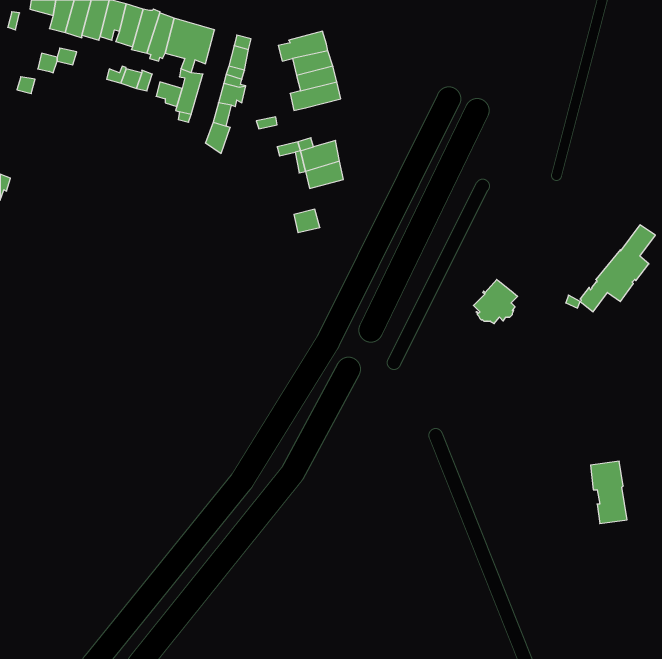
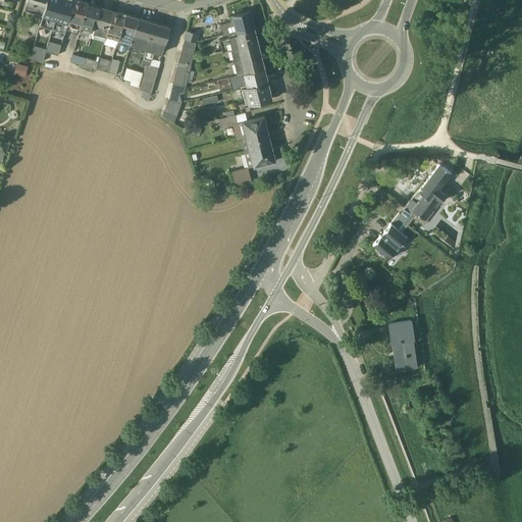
building: none -> [221,11,255,37]
building: none -> [242,82,274,106]
building: none -> [245,145,275,168]
building: [580,225,655,312] -> [393,164,452,232]
building: [591,461,627,524] -> [389,320,418,369]

